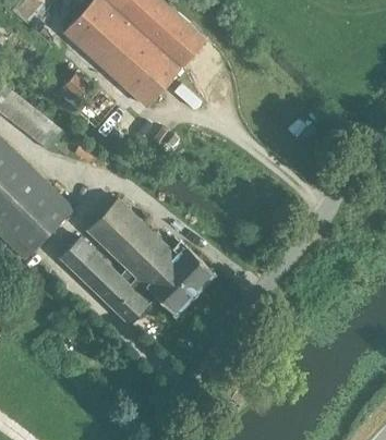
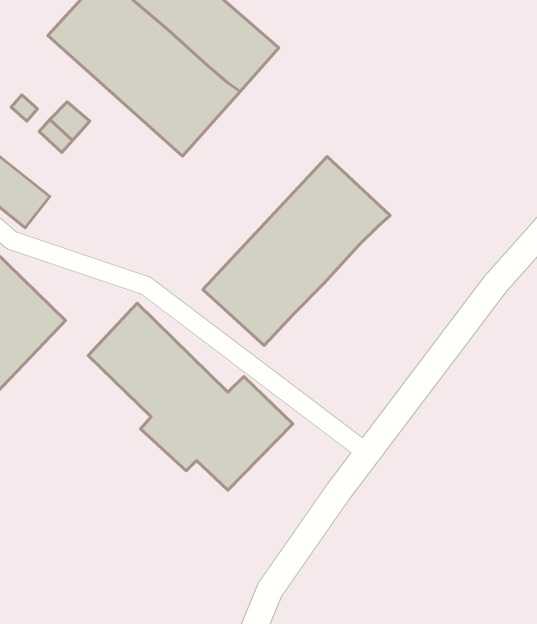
building: none -> [203,156,390,345]
building: [60,237,148,323] -> none

